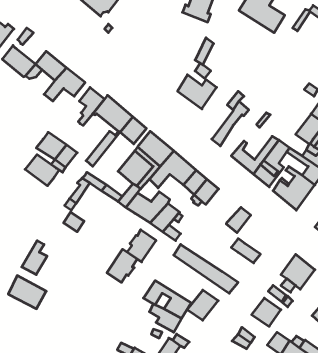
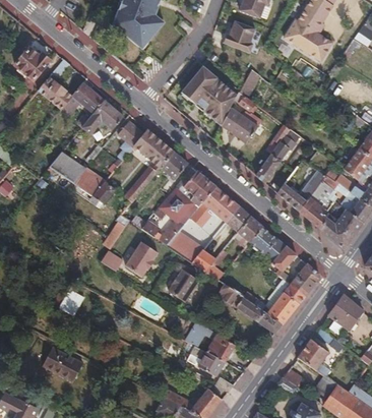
building: none -> [183,66,238,124]
building: [25,155,59,186] -> [50,151,85,183]
building: none -> [250,226,287,260]
building: none -> [291,257,320,294]
building: [107,249,137,282] -> [125,241,157,276]
building: [8,276,46,309] -> [43,347,82,381]
building: [187,290,218,320] -> [267,292,300,323]

